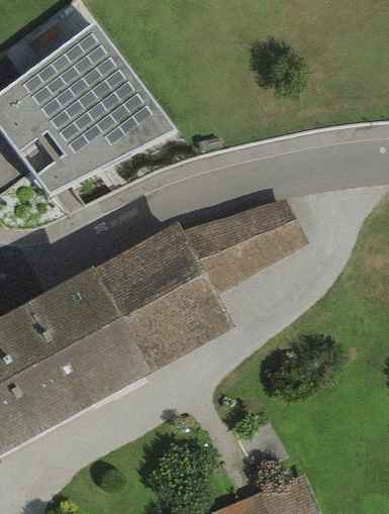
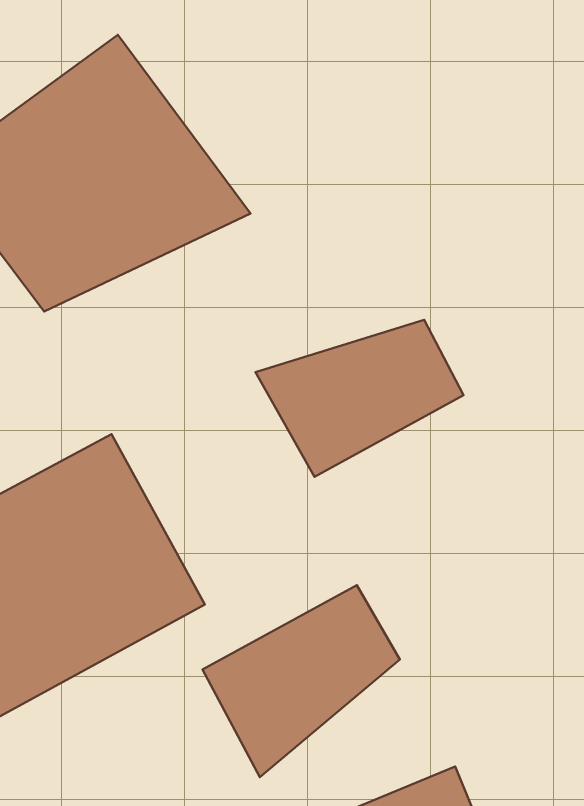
building: [89,223,232,375] -> none
building: none -> [202,585,400,777]

